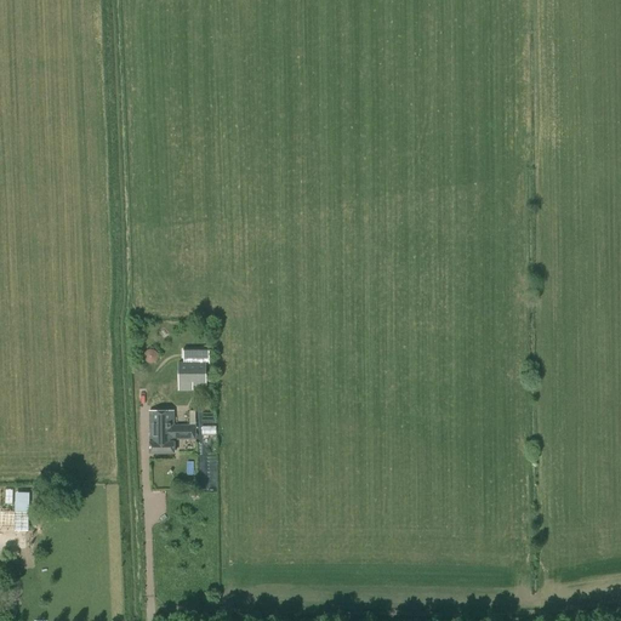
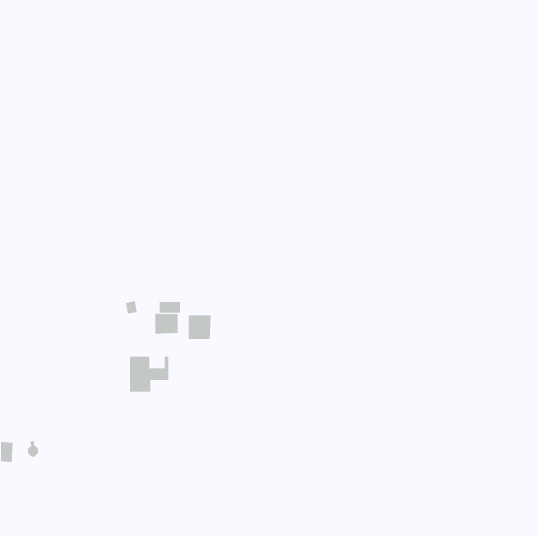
building: none -> [188,315,211,340]

